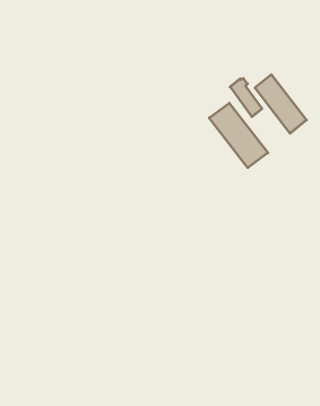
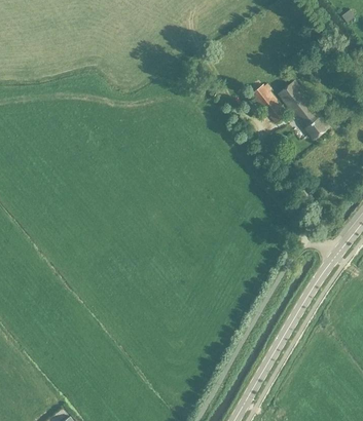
building: [209,103,268,168] -> none

